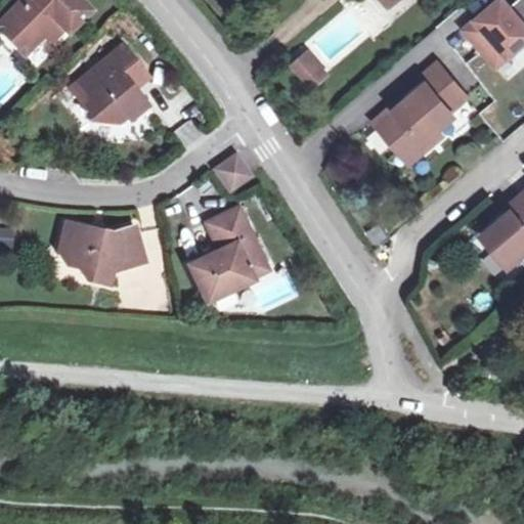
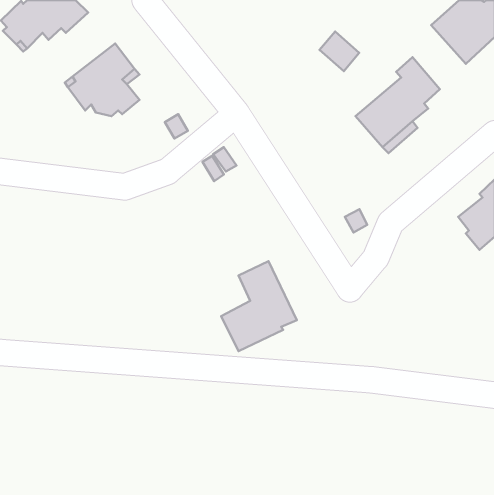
building: [288,46,330,88] -> [320,32,359,71]
building: [189,209,269,304] -> [221,261,297,351]
building: [59,223,147,288] -> none

